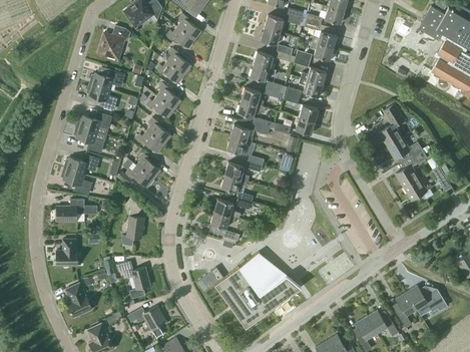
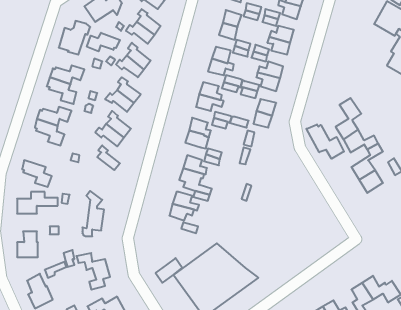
building: none -> [87,33,120,51]
building: none -> [306,124,344,159]
building: [63,155,98,174] -> none
building: [116,164,154,188] -> none

